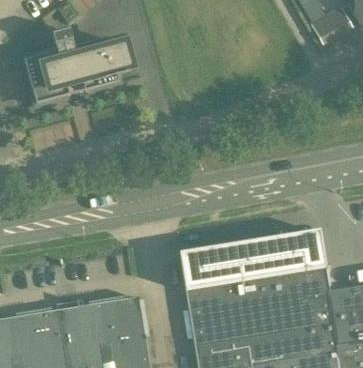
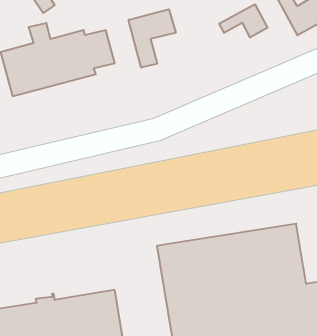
building: none -> [219,4,267,38]
building: none -> [129,9,176,68]

